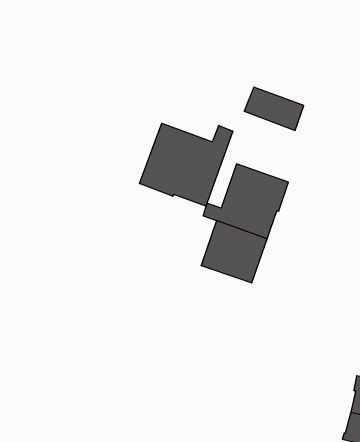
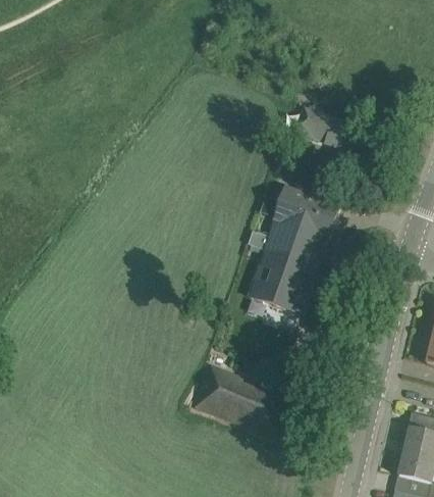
building: [140,123,233,206] -> none
building: none -> [194,362,289,437]

